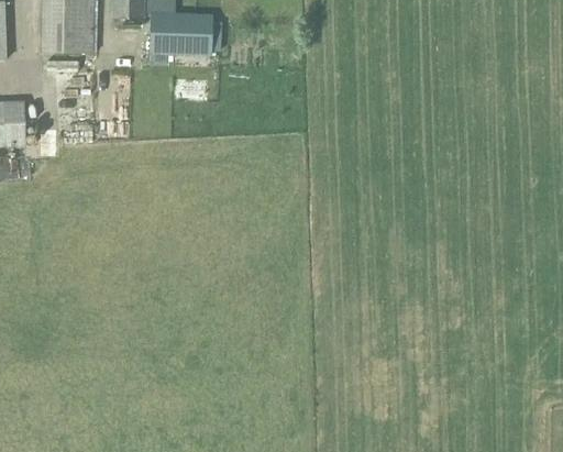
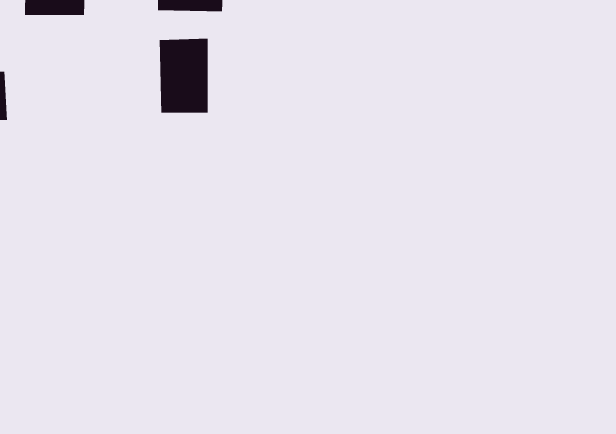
building: none -> [159,38,208,113]

